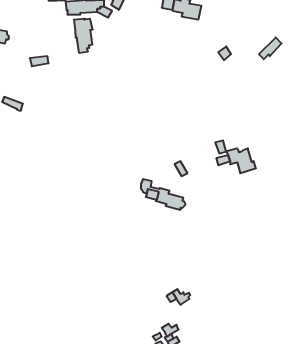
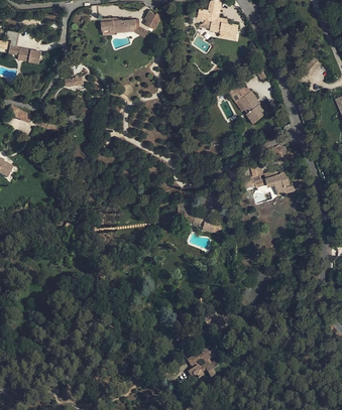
building: [74,19,93,53] -> none
building: none -> [234,86,265,122]

